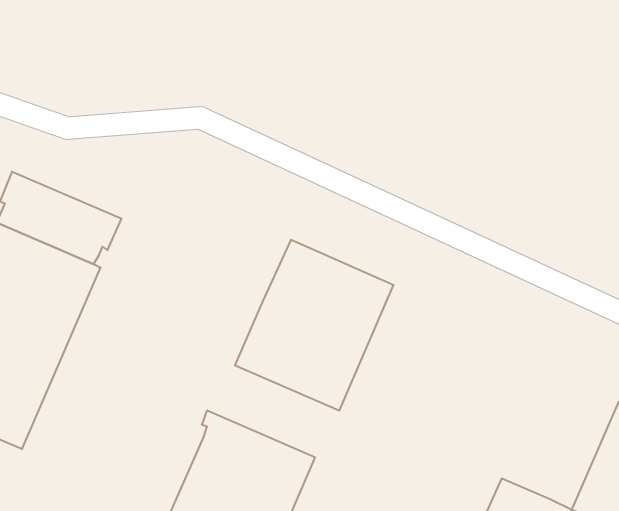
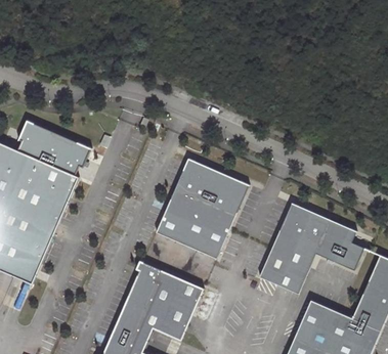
building: none -> [258,203,362,294]

